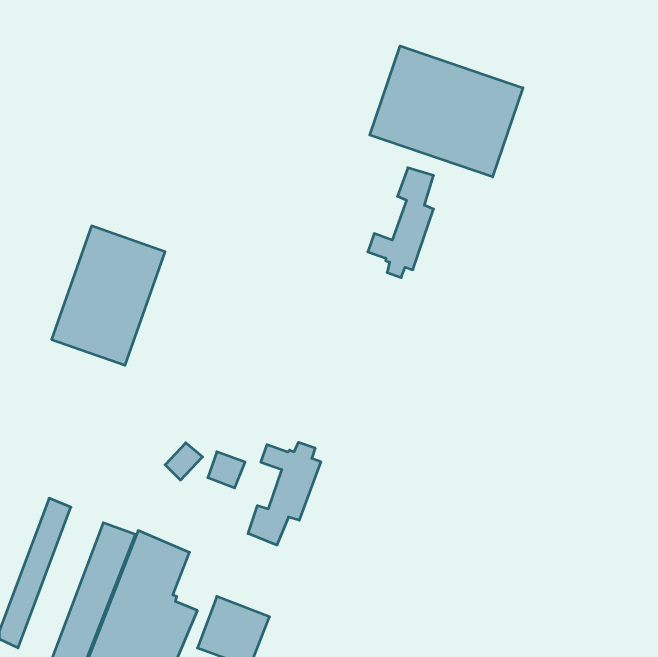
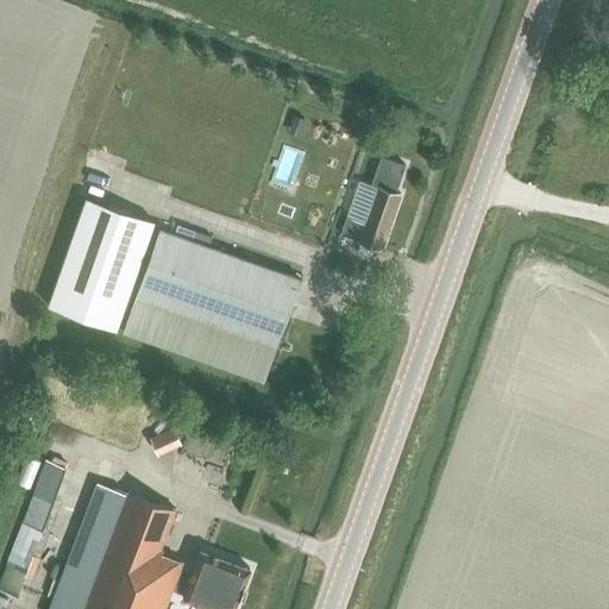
building: [370,46,523,177] -> none
building: none -> [121,230,299,384]
building: [248,442,321,545] -> none

